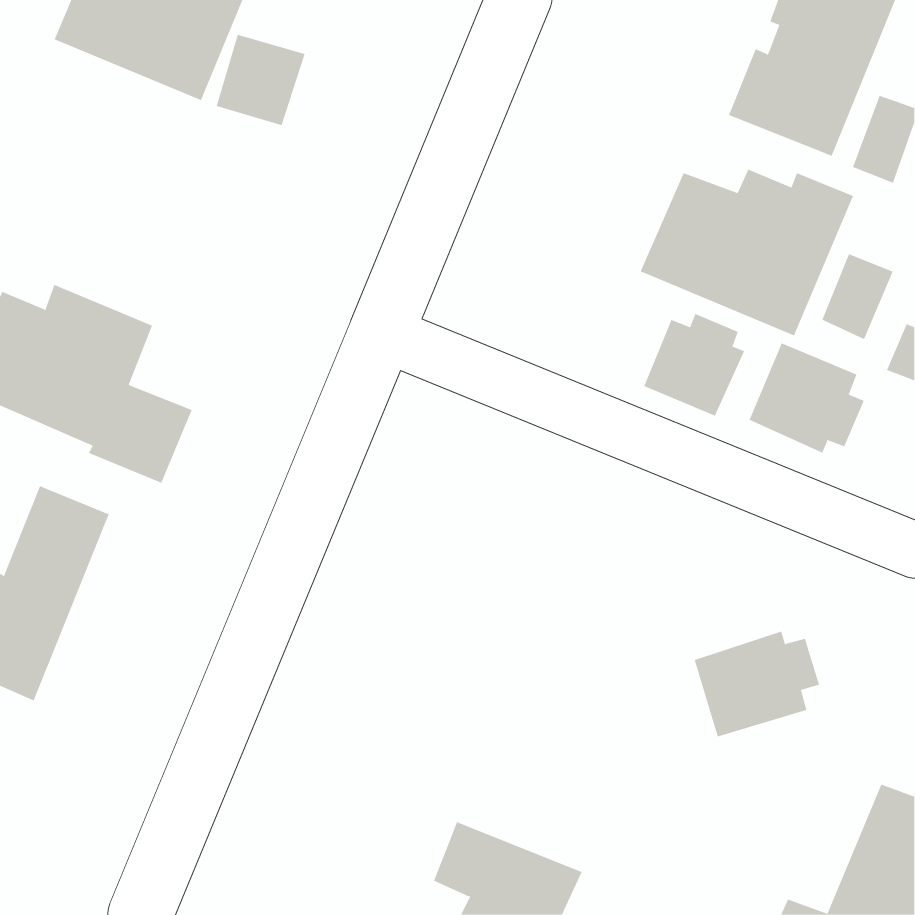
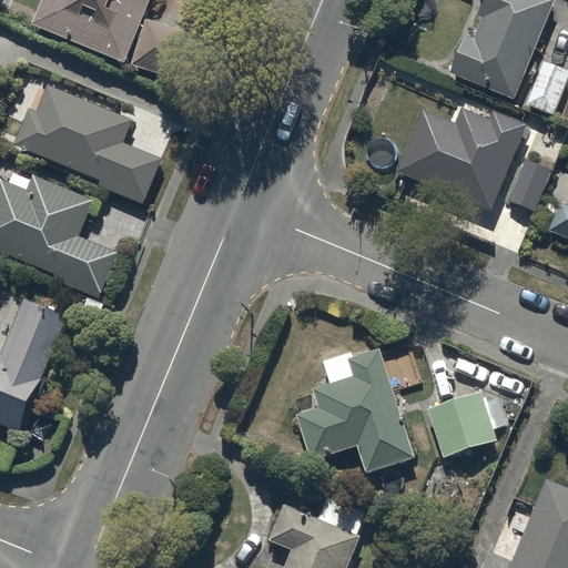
building: none -> [14,85,163,204]
building: [643,313,745,416] -> none
building: [749,343,864,454] -> none
building: none -> [294,349,413,475]

